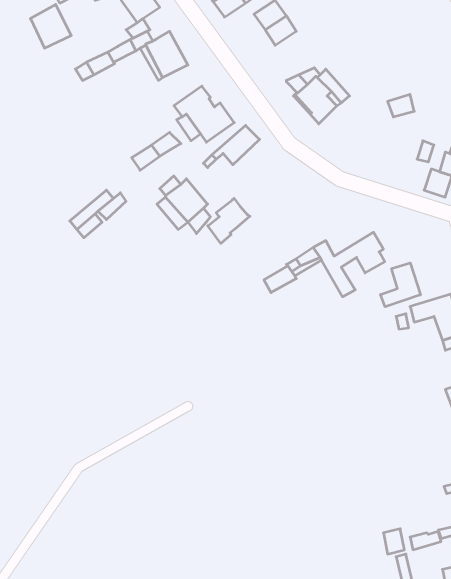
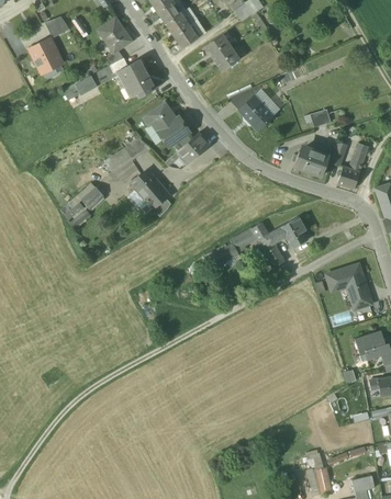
building: none -> [293,147,329,175]
building: [208,198,250,243] -> none
building: [381,263,420,307] -> none

